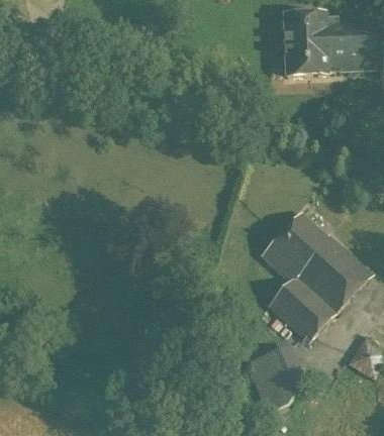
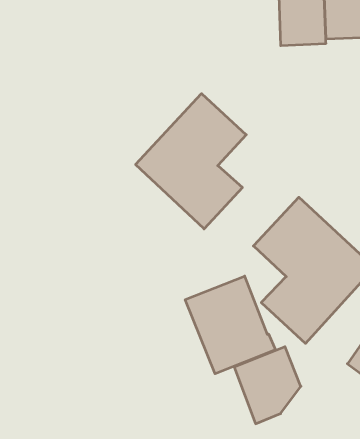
building: none -> [136,94,246,229]
building: none -> [185,276,275,374]

